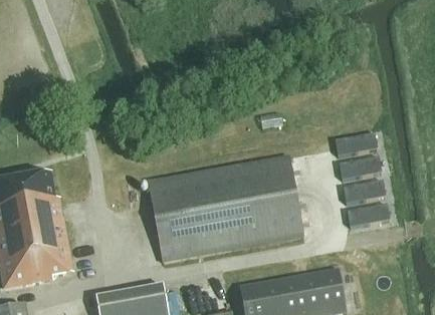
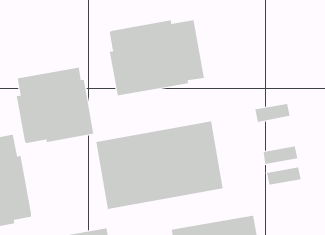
building: none -> [109,19,204,96]
building: none -> [16,67,94,144]
building: [345,158,387,181] -> none

